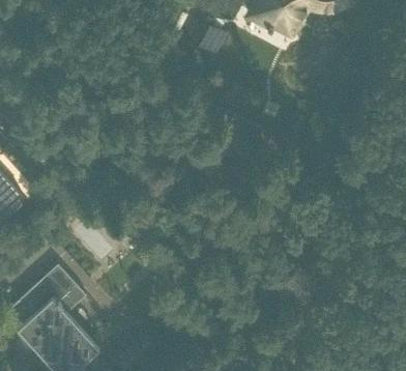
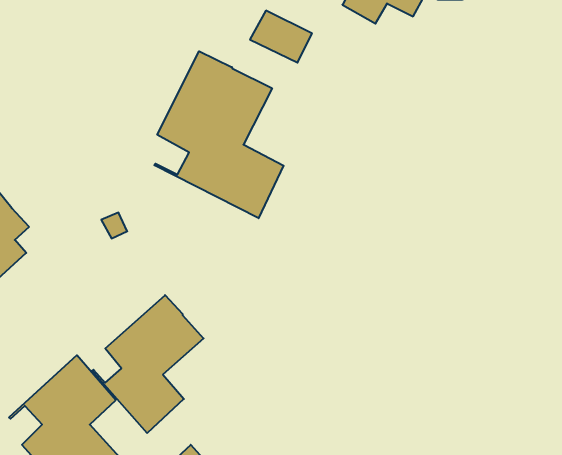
building: none -> [154,51,284,218]
building: none -> [92,295,204,433]

